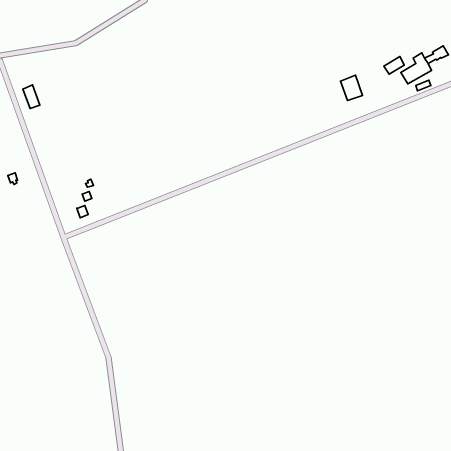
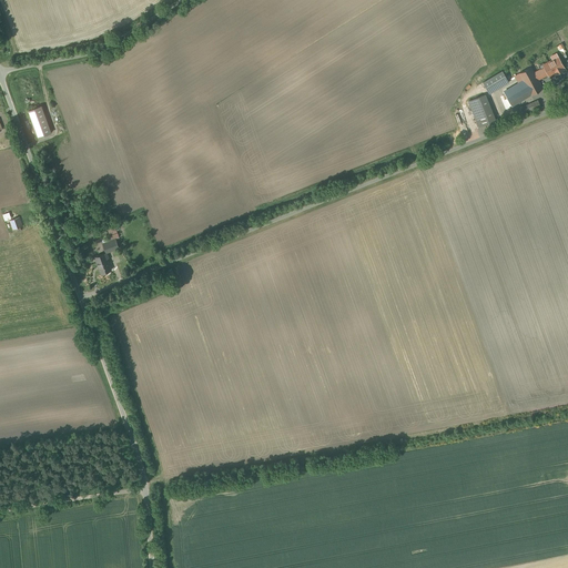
building: [340,75,362,101] -> [469,95,497,128]

